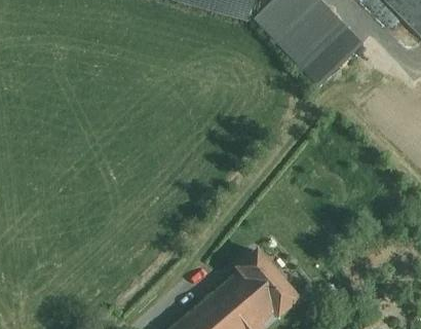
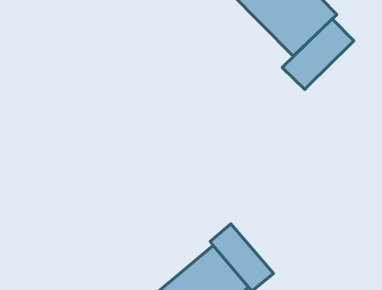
building: none -> [282,19,354,89]

